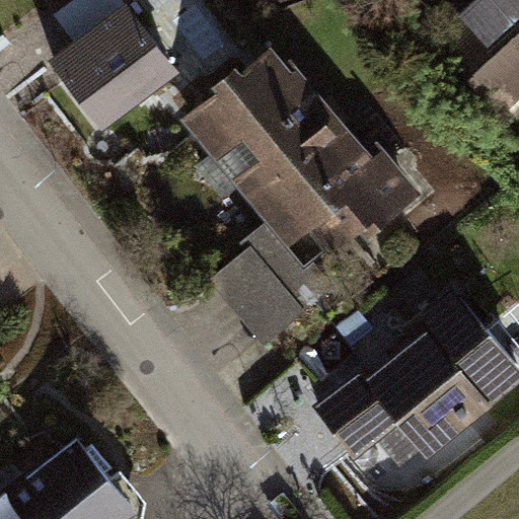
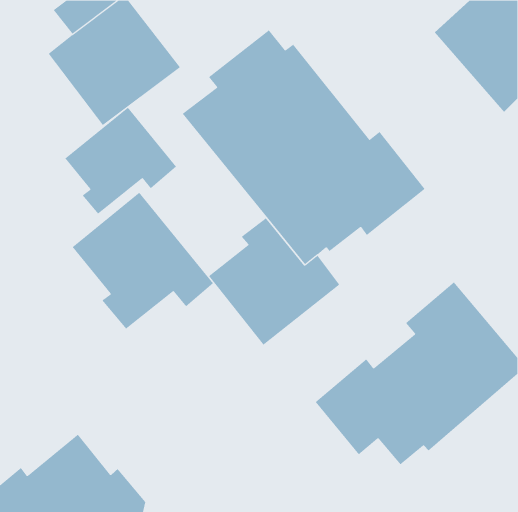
building: none -> [65,107,177,214]
building: none -> [72,192,214,330]

